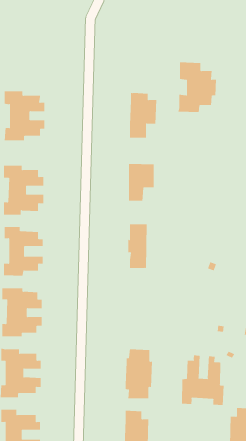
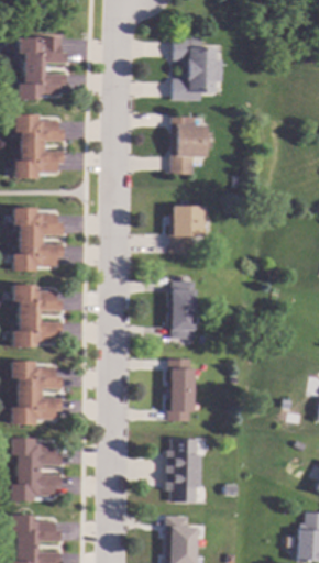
building: none -> [18,37,67,98]
building: [178,62,217,113] -> [173,37,222,101]
building: none -> [167,358,190,420]
building: [181,355,224,406] -> none

